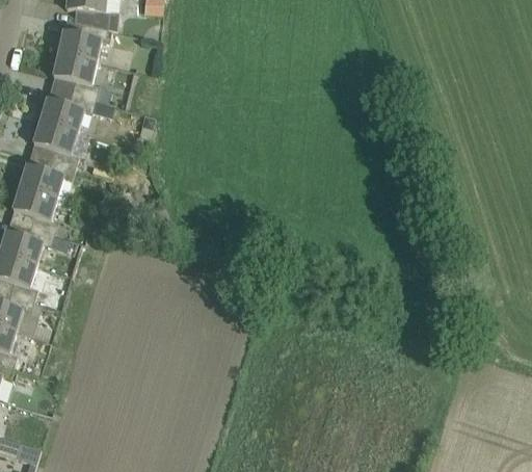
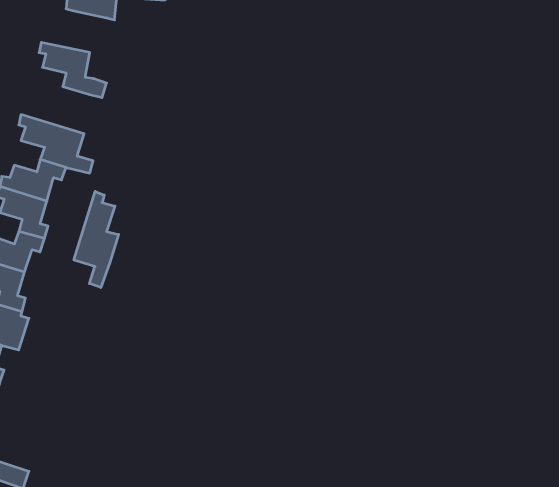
building: [50,22,112,63] -> none
building: [31,91,96,135] -> none
building: none -> [74,191,119,288]

